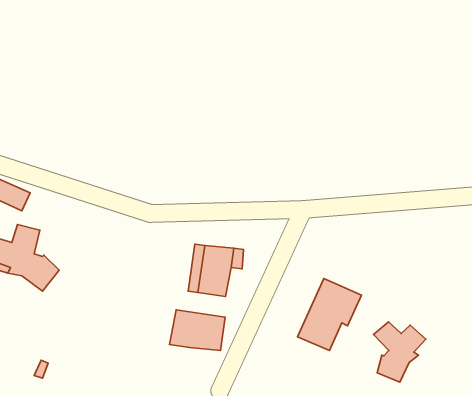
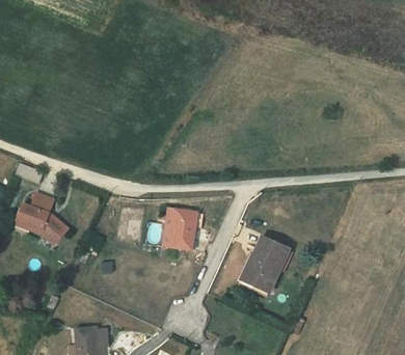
building: [169,310,225,351] -> none
building: [374,322,426,382] -> none

